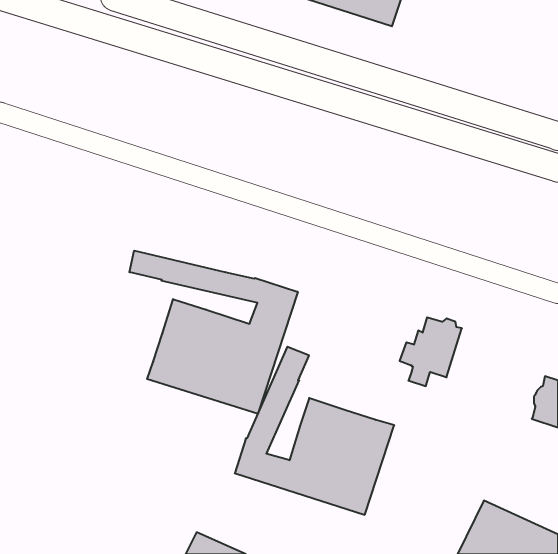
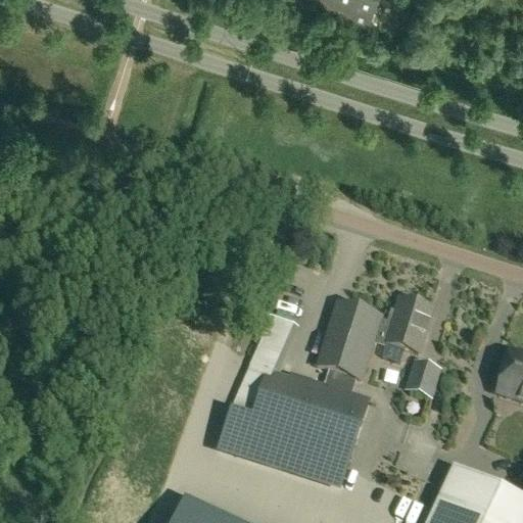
building: [129,251,298,414] -> none
building: none -> [316,302,381,380]
building: none -> [406,362,439,396]

